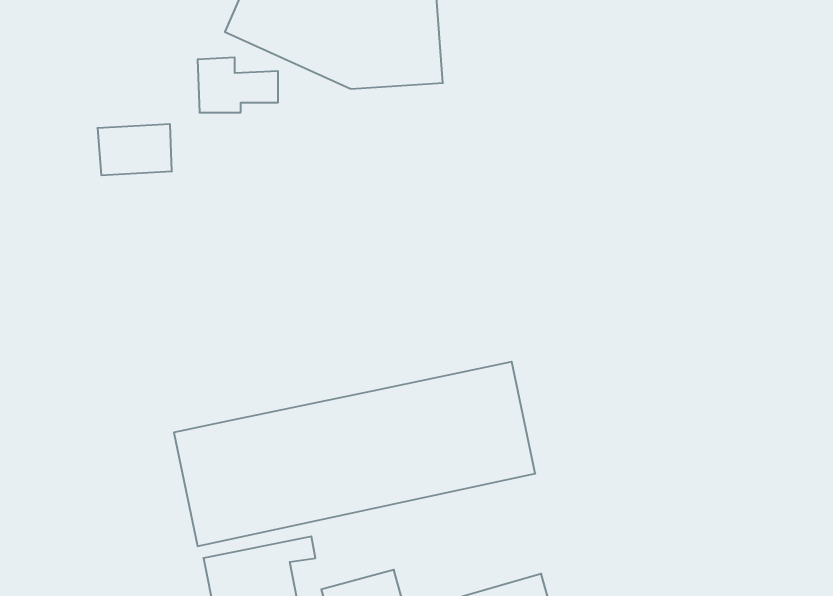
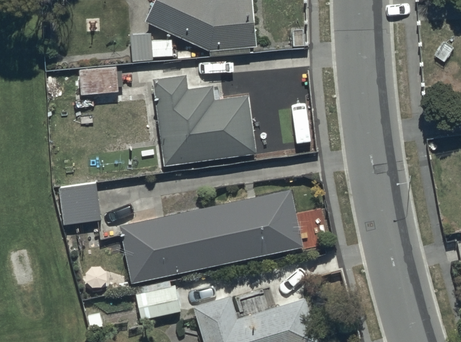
building: none -> [152,76,255,166]
building: none -> [57,183,100,226]

